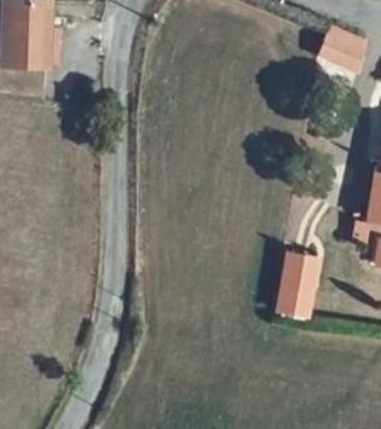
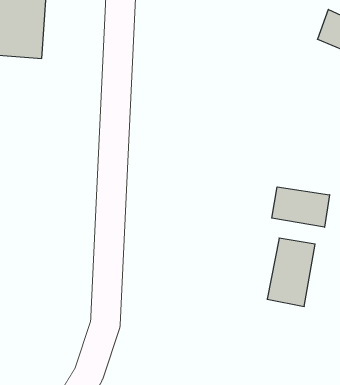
building: none -> [272,187,330,227]

